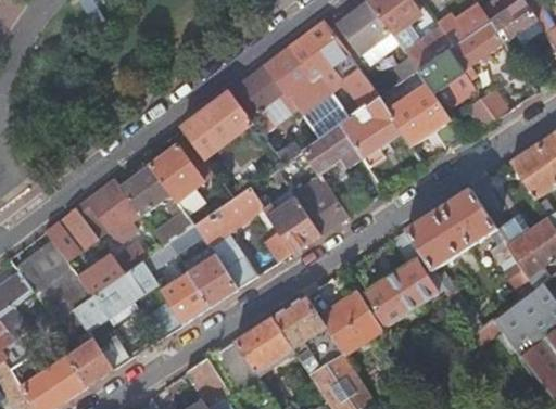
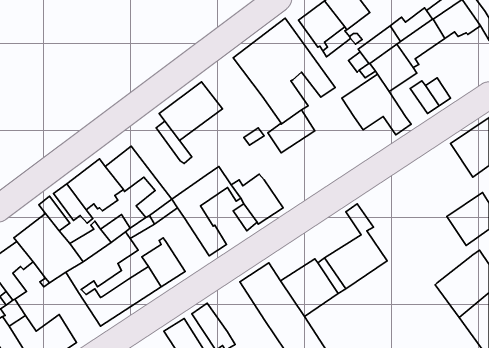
building: [228,65,296,135] -> none
building: [341,99,401,167] -> none
building: [149,144,204,202] -> none
building: [289,172,348,234] -> none
building: [404,189,496,271] -> none
building: [188,245,237,306] -> none
building: [235,318,300,374] -> none
building: [67,330,114,386] -> none

